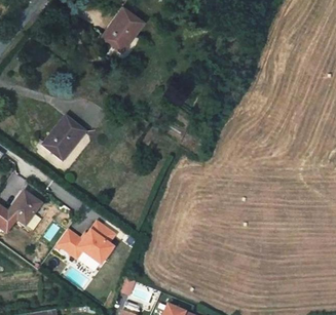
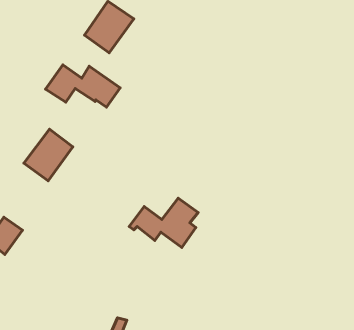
building: none -> [46,65,120,107]
building: [55,222,116,265] -> [129,198,198,248]

